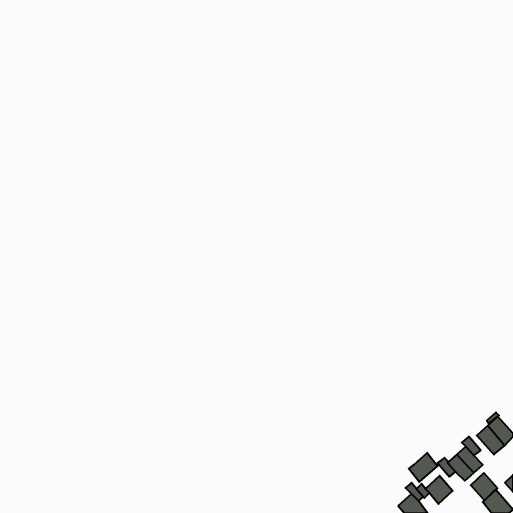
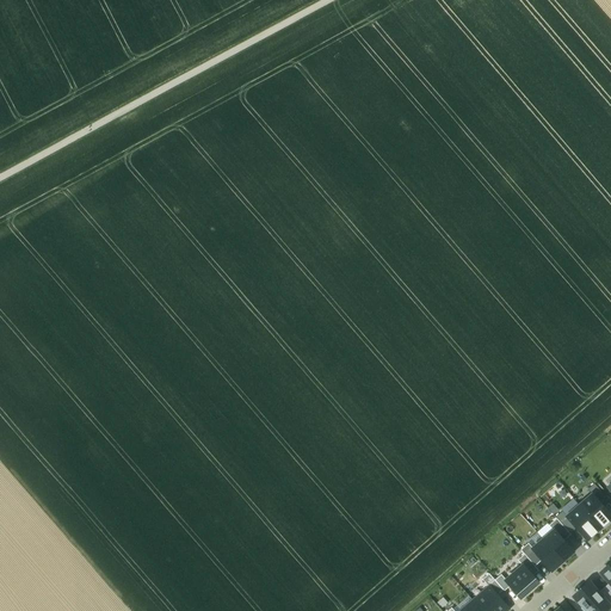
building: [409,453,438,482] -> none
building: [471,473,497,501] -> none

